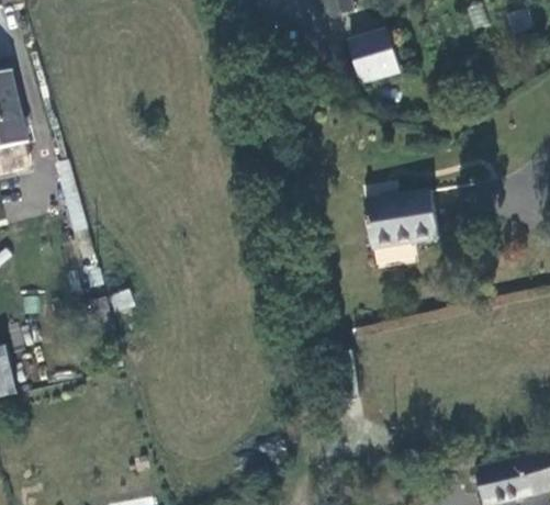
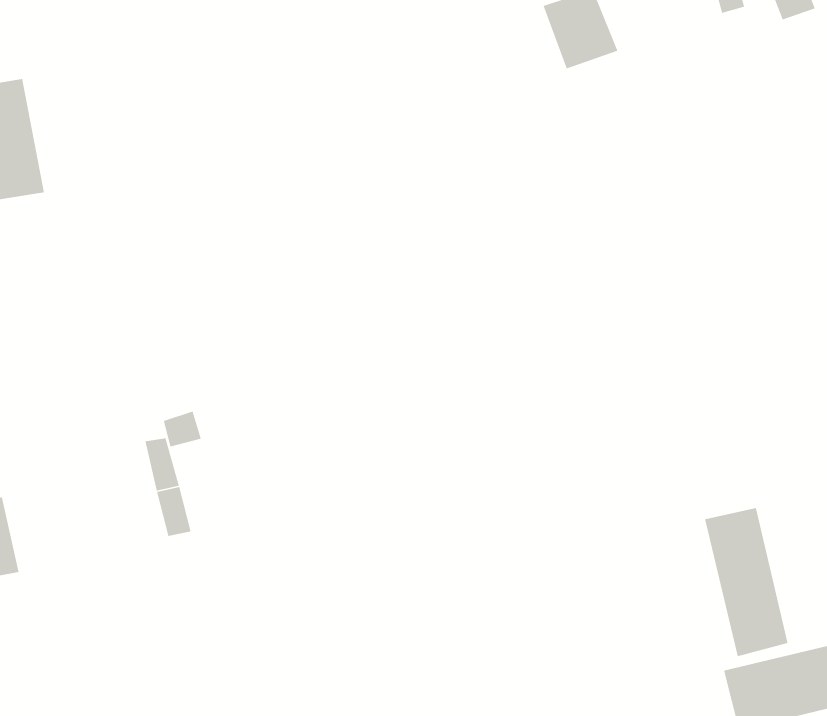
building: [362,194,437,254] -> none
building: none -> [704,507,789,657]

